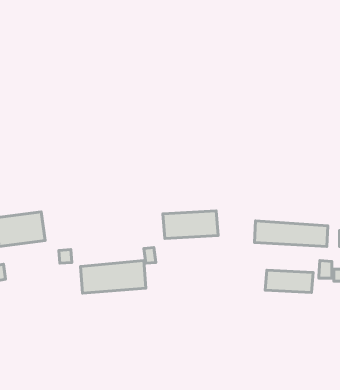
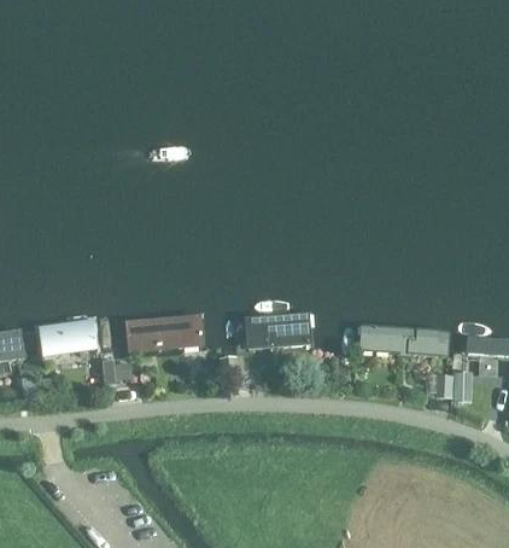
building: [81,260,146,293] -> [128,311,207,351]
building: [265,270,313,293] -> none

